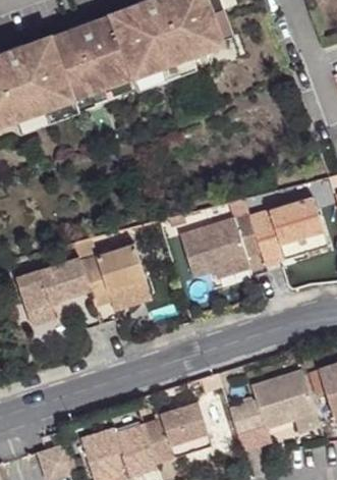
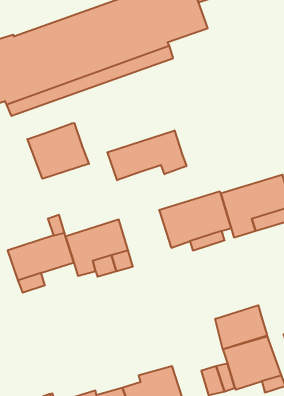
building: none -> [27,123,89,179]
building: none -> [107,130,186,180]
building: none -> [215,305,267,349]

